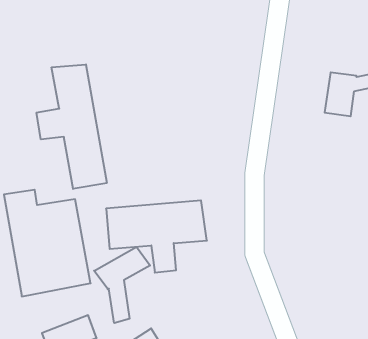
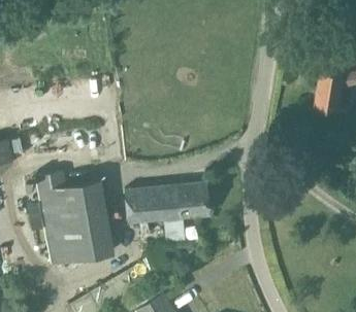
building: [37,64,107,189] -> none
building: [94,247,150,323] -> none

